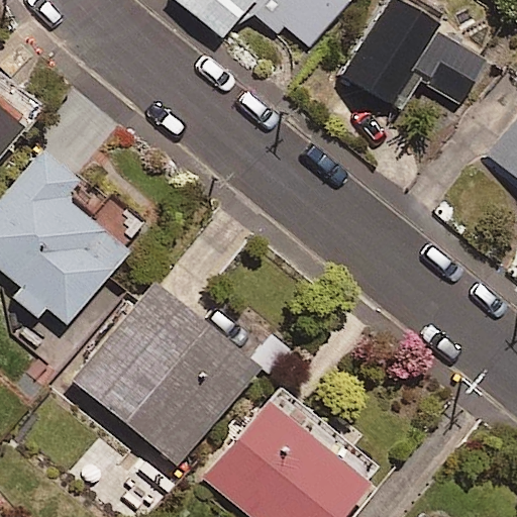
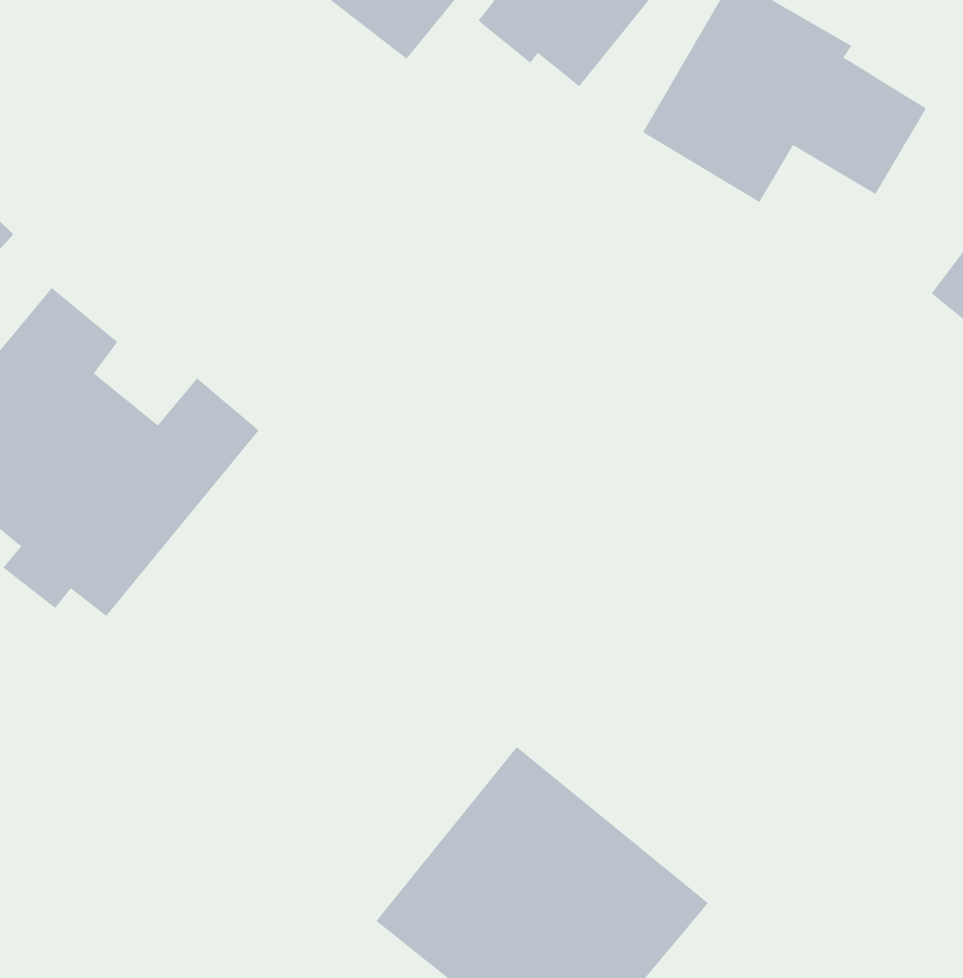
building: [74,284,255,463] -> none

